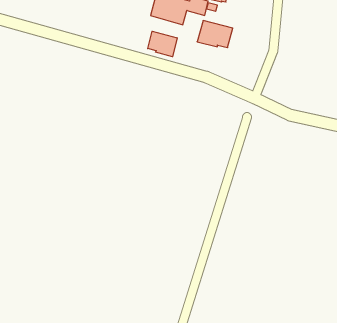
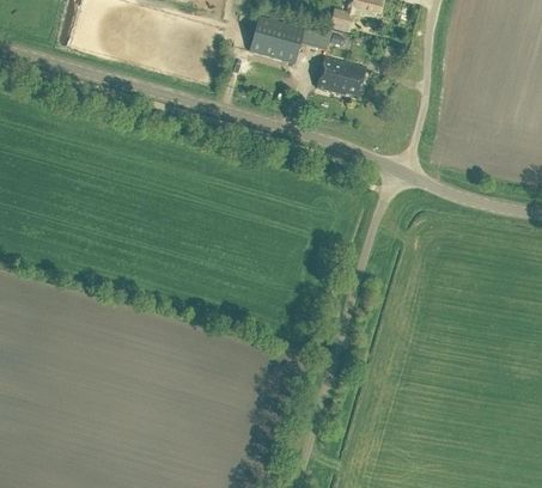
building: [148,31,177,57] -> none

